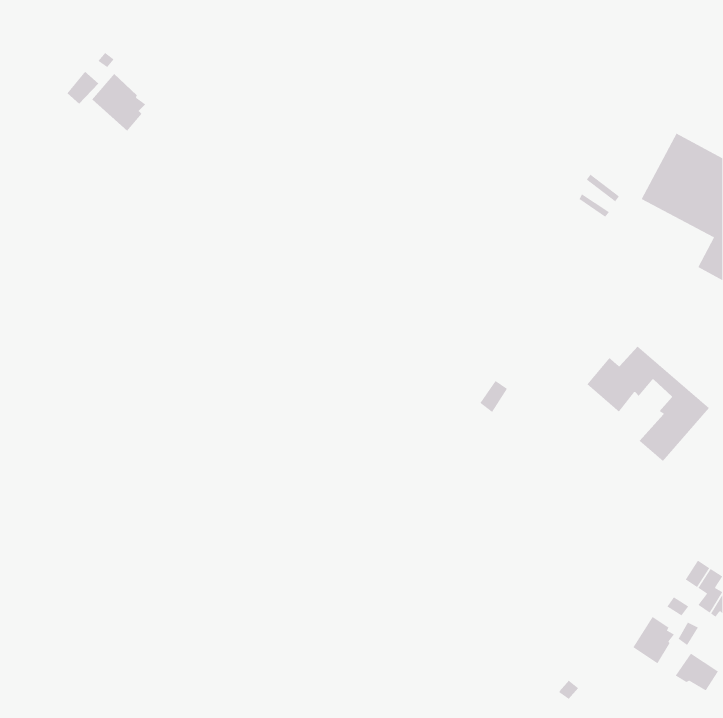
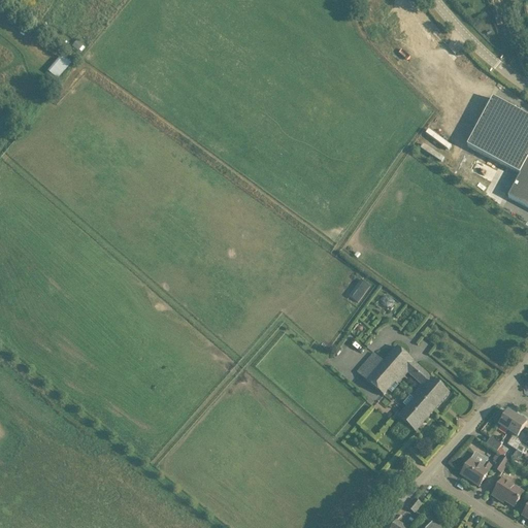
building: [91,73,146,132] -> none
building: [587,346,710,462] -> [360,345,450,430]

